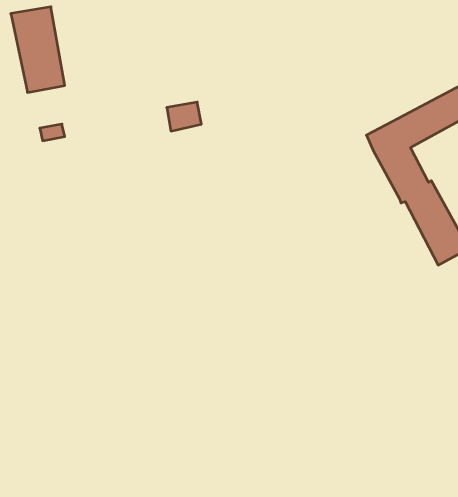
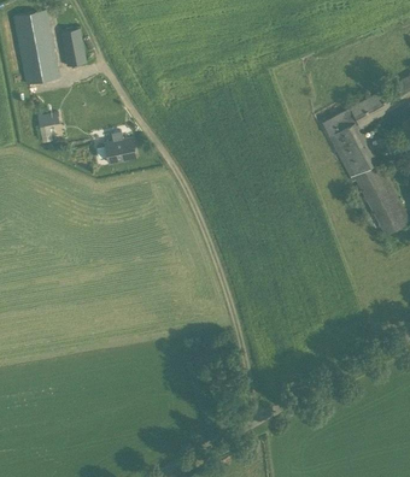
building: none -> [60,28,87,66]
building: [167,102,201,131] -> [105,137,135,163]

